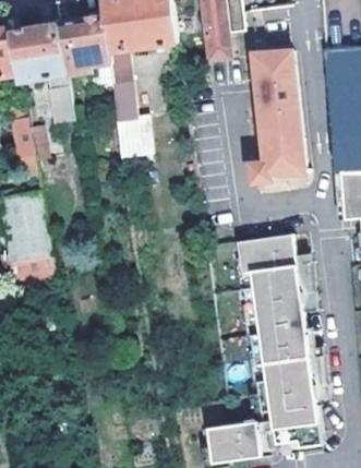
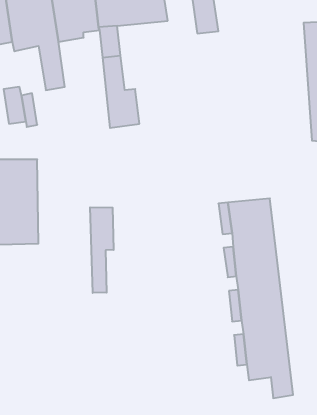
building: [253,52,304,184] -> none
building: none -> [90,207,114,293]
building: [205,416,257,454] -> none

